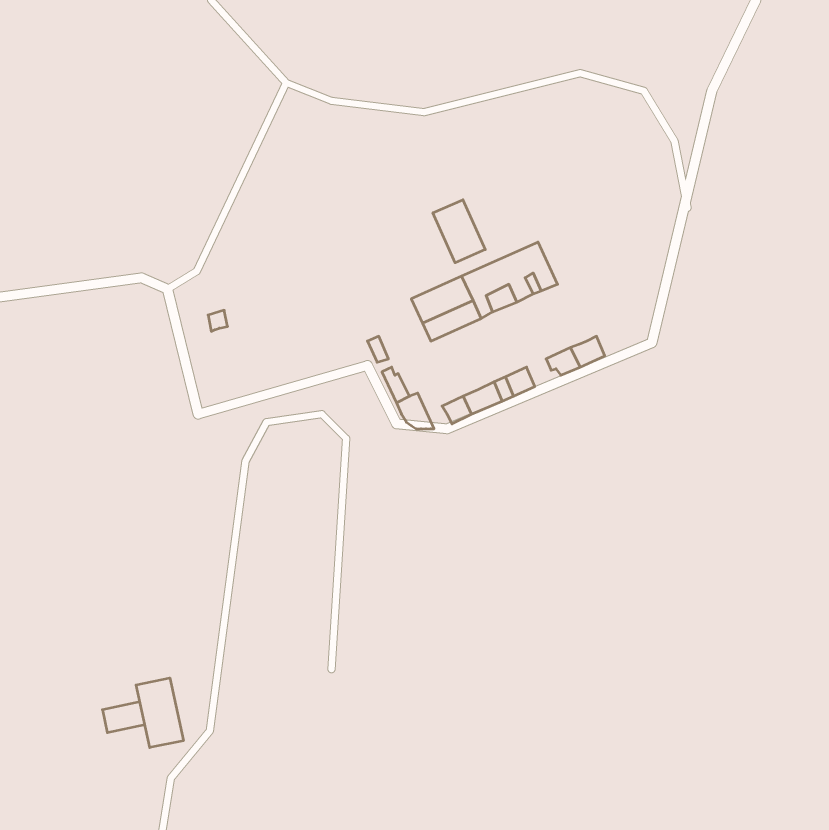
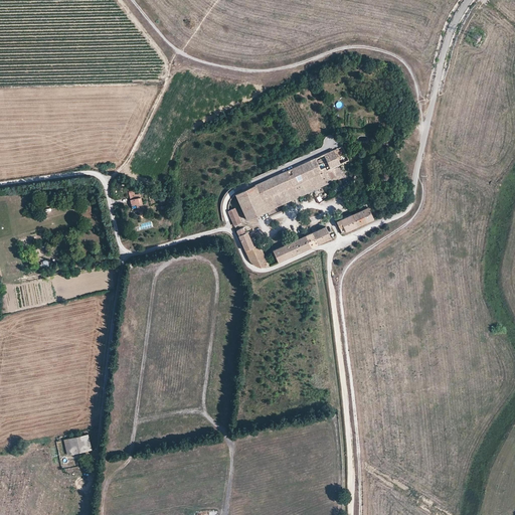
building: [433,200,485,263] -> none
building: none -> [234,185,267,220]
building: [136,678,183,748] -> none

